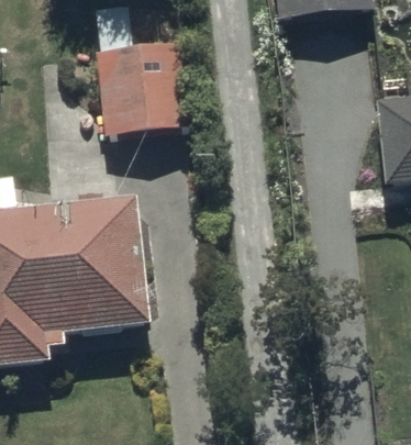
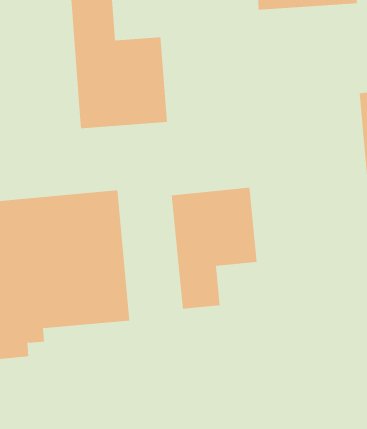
building: none -> [171,187,257,309]

